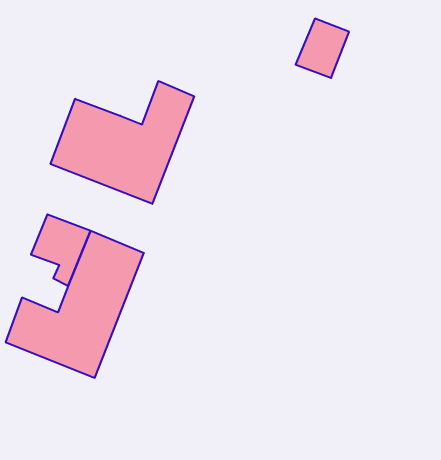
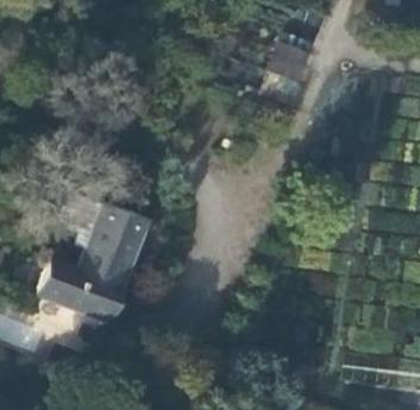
building: [51,81,194,204] -> none

